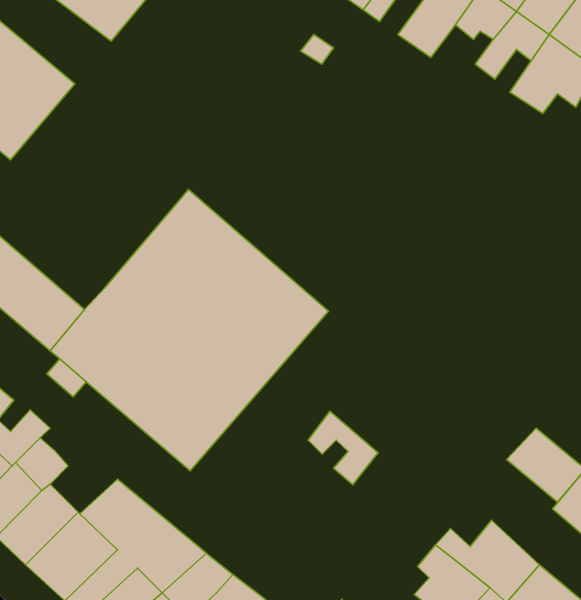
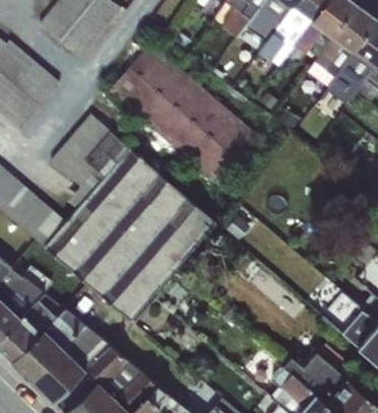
building: none -> [108,43,260,187]
building: none -> [50,114,129,208]
building: [308,411,378,485] -> none
building: none -> [44,308,85,347]

